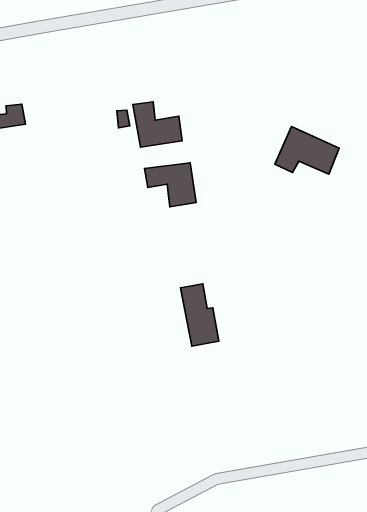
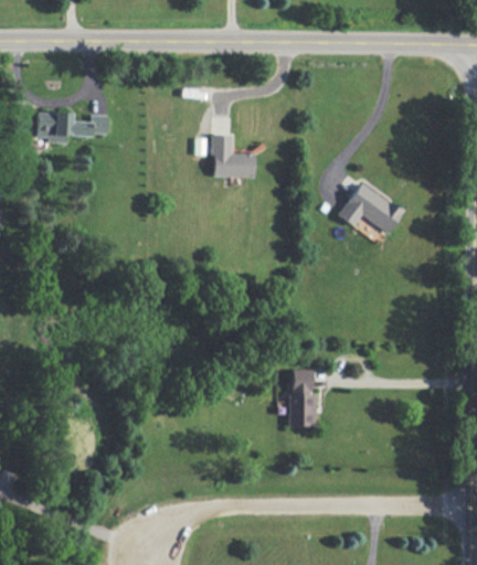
building: [145,163,196,207] -> none
building: [181,284,219,346] -> [289,370,317,427]

